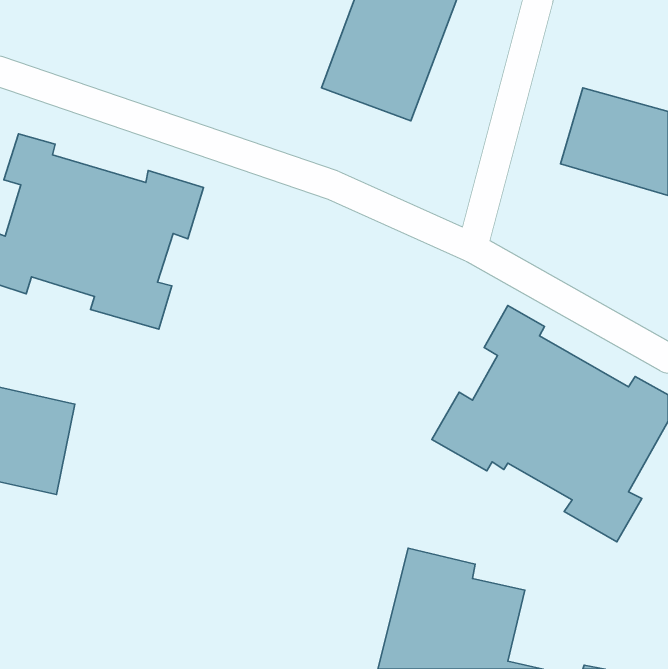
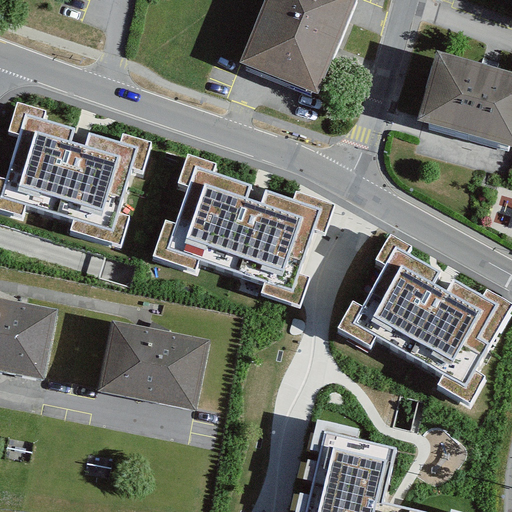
building: none -> [150,152,340,316]
building: none -> [98,320,211,409]

